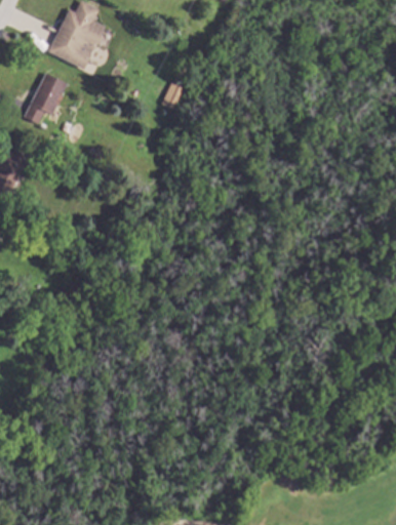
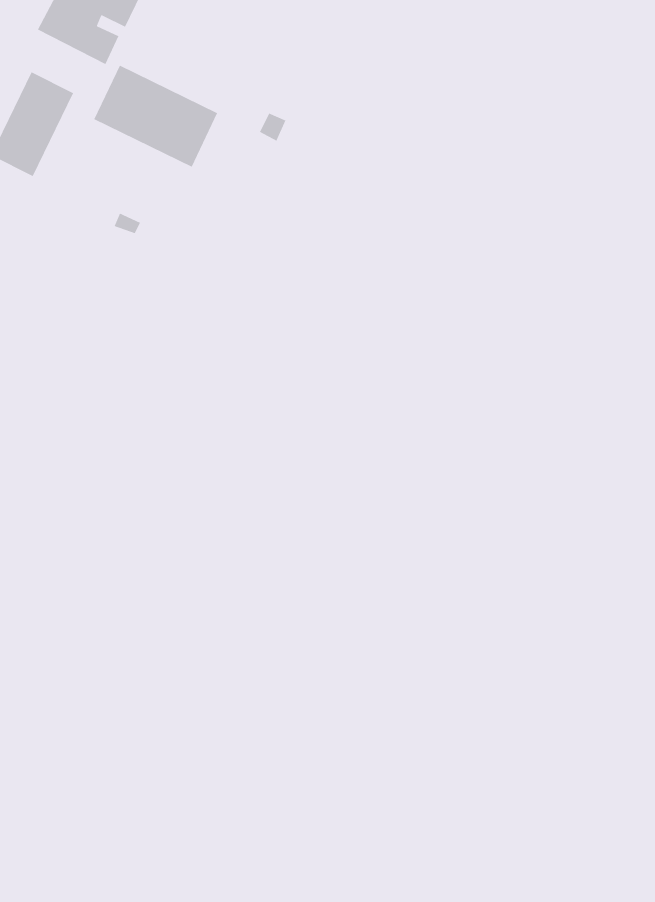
building: none -> [93,65,218,168]

